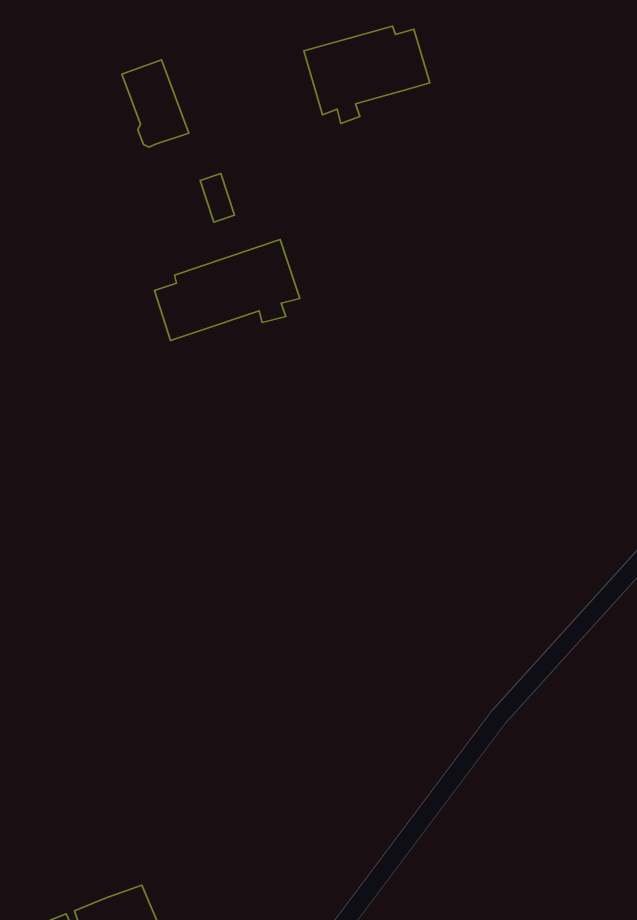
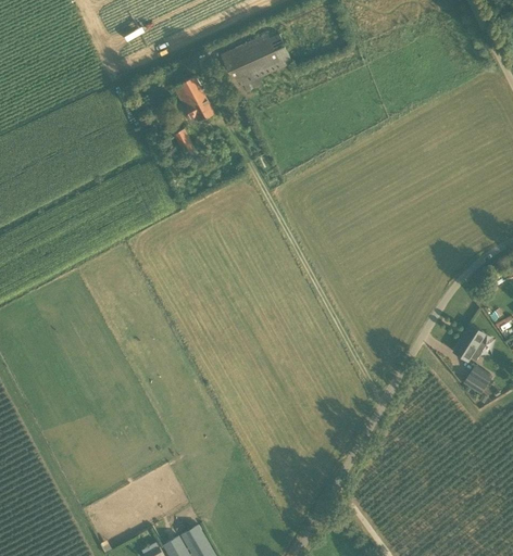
building: [122,60,189,147] -> [174,75,215,124]
building: [154,239,300,341] -> none

